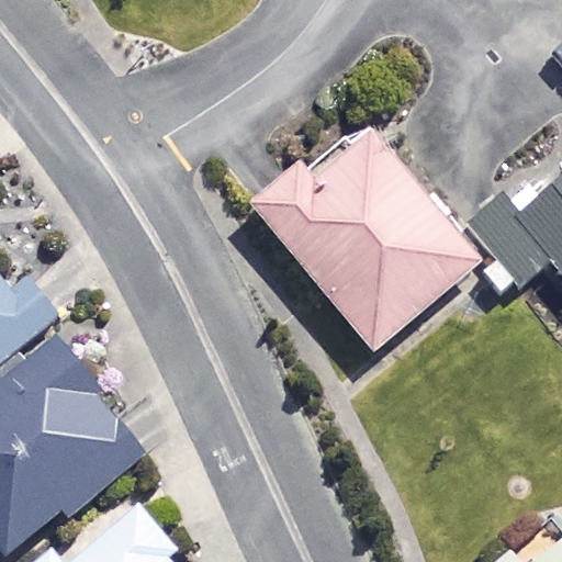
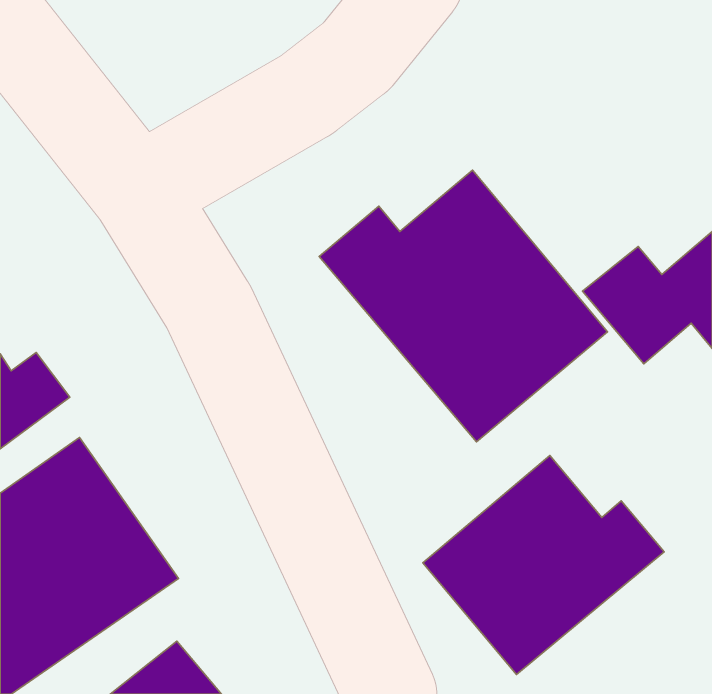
building: none -> [423,455,664,674]

